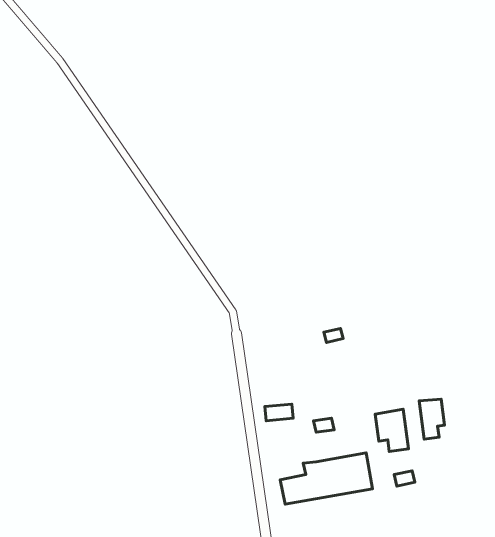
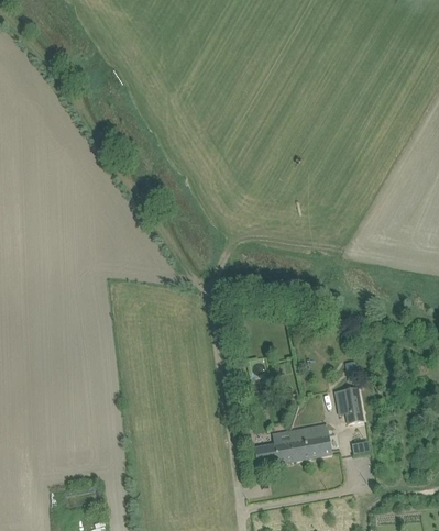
building: [419,399,444,439] -> none

